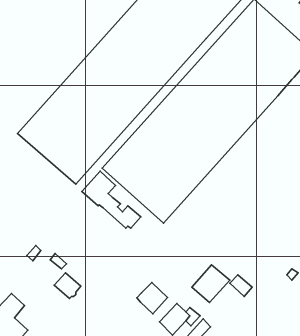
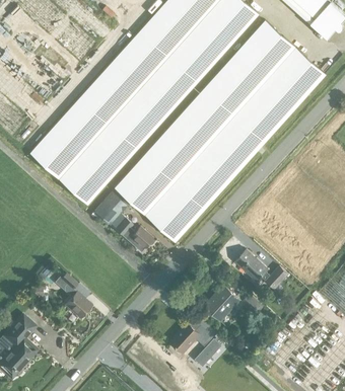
building: none -> [234,249,288,289]
building: [137,282,168,314] -> none

